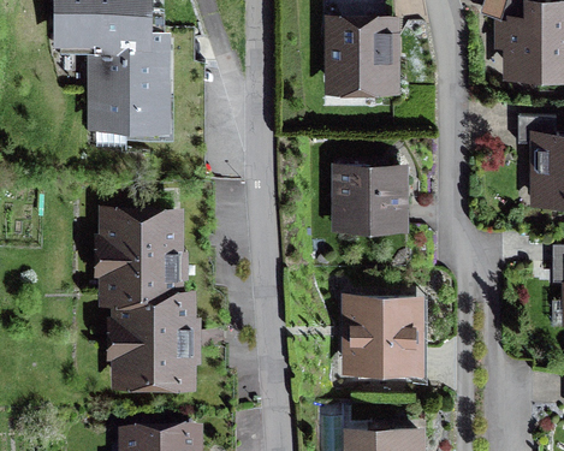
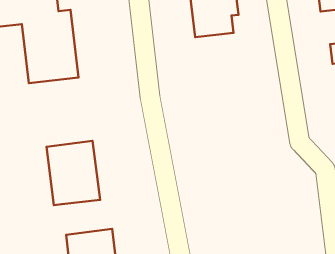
building: [338,168,400,231] -> none
building: [119,298,185,342] -> none
building: [350,302,414,370] -> none

